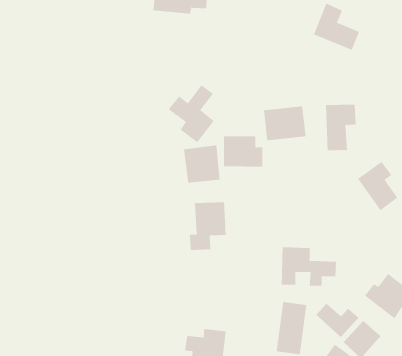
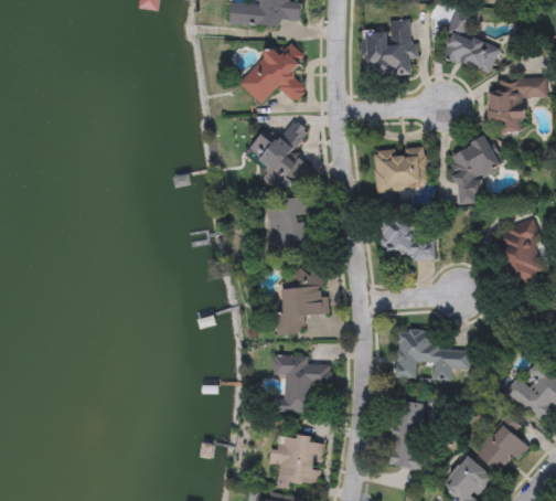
building: none -> [362,19,413,75]
building: none -> [239,46,307,104]
building: none -> [489,78,546,130]
building: [223,136,263,167] -> [383,218,435,259]
building: none -> [274,354,332,413]
building: [316,303,359,338] -> none

